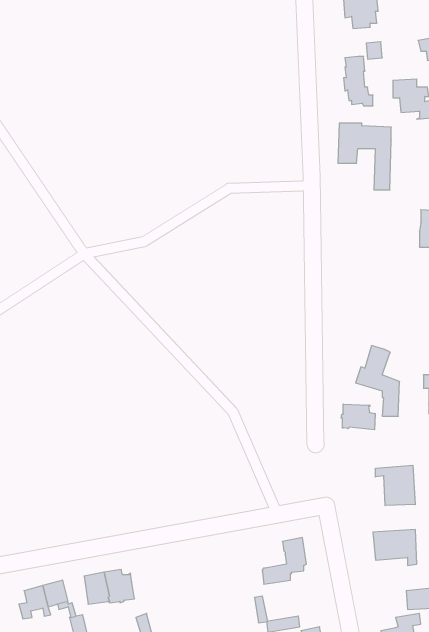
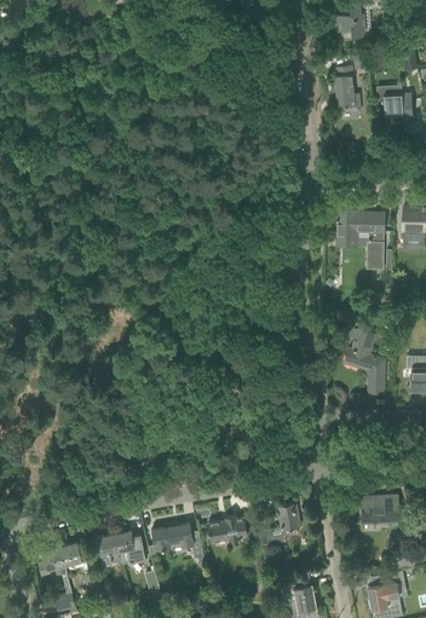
building: [338,123,391,190] -> [335,209,384,270]
building: [341,404,375,430] -> none
building: [375,465,415,506] -> none
building: none -> [208,516,247,544]
building: none -> [151,524,200,550]

